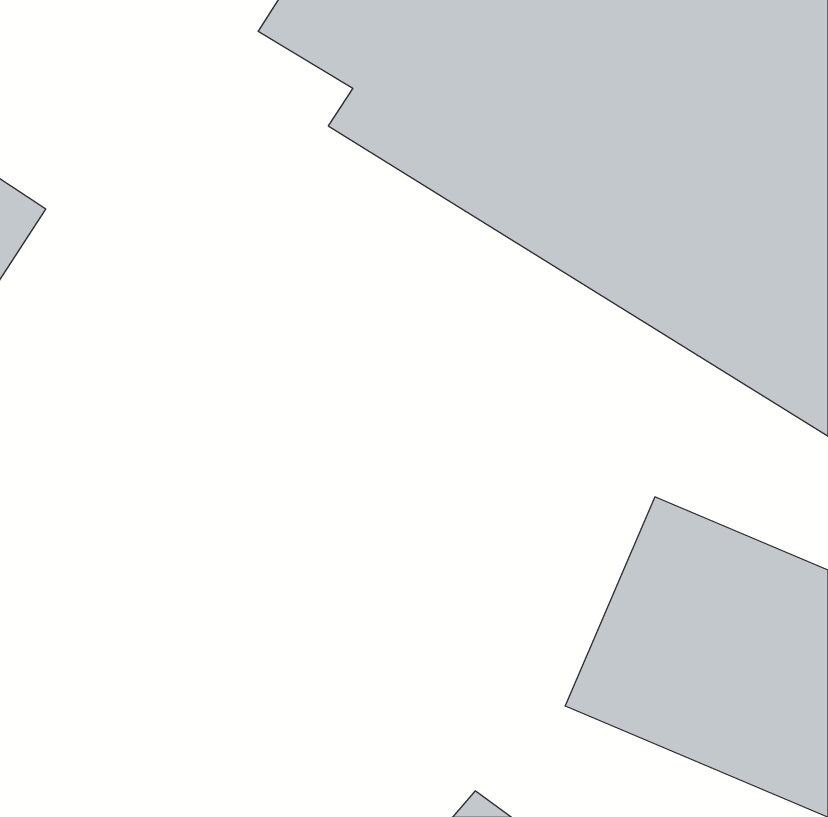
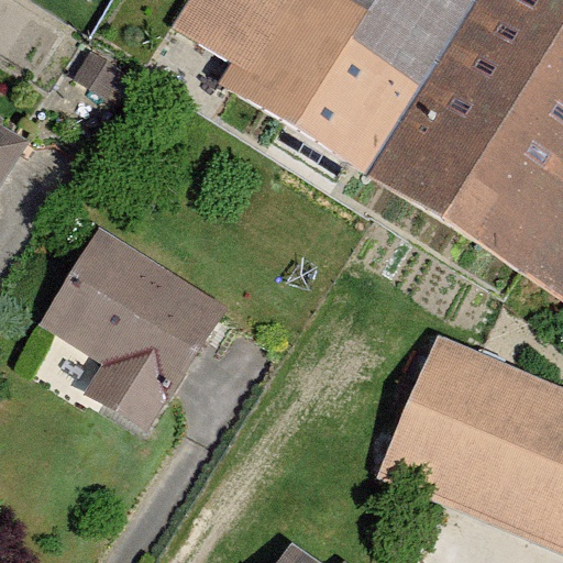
building: none -> [46,227,240,434]

